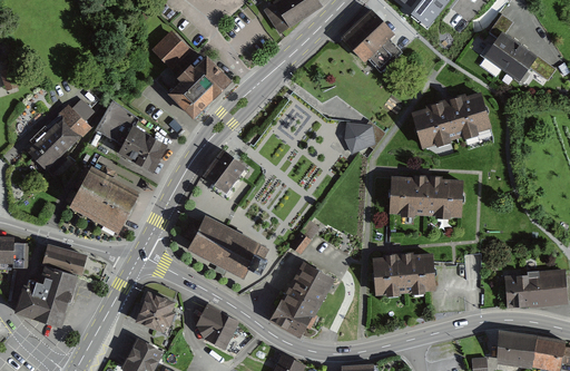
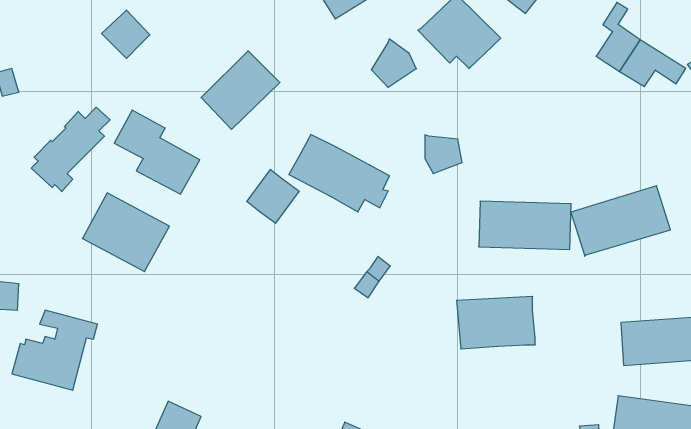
building: [151,30,190,69] -> [102,10,150,58]
building: none -> [371,39,416,87]
building: [411,92,491,149] -> [571,186,670,256]
building: [187,216,268,279] -> [289,135,390,212]
building: [41,243,87,274] -> none
building: [274,260,338,334] -> none
building: [136,292,179,333] -> none
building: [197,306,236,349] -> none

